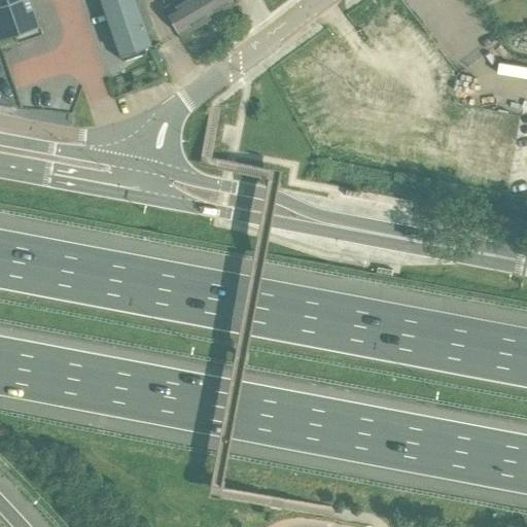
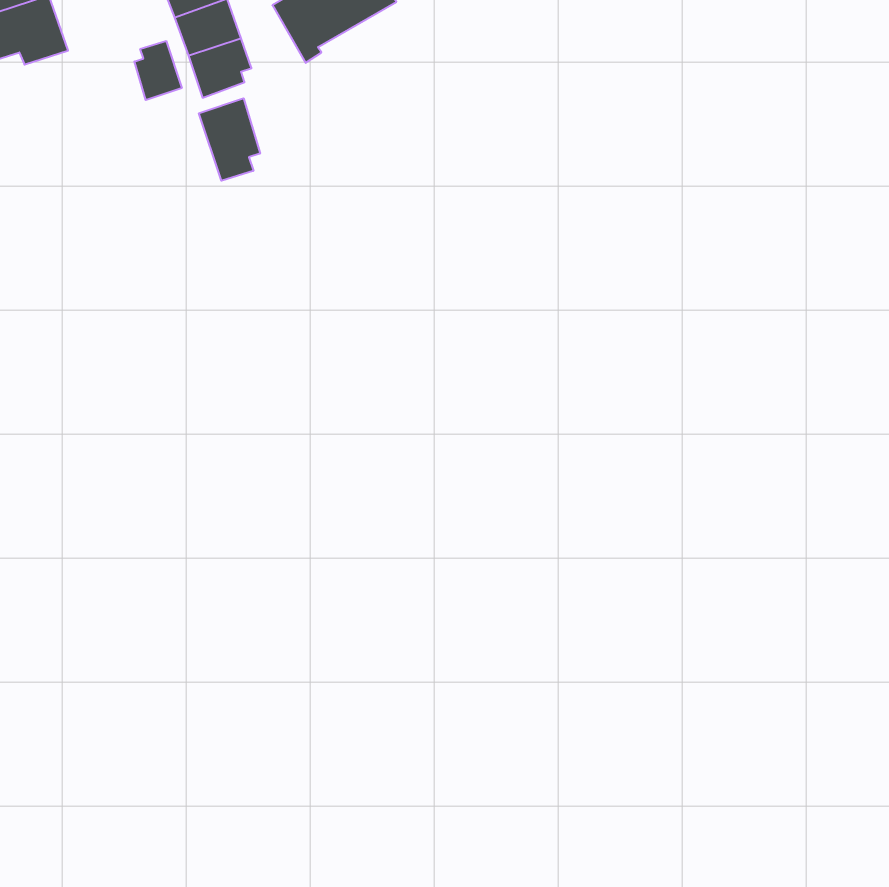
building: none -> [134,41,182,100]
building: none -> [199,98,260,181]

